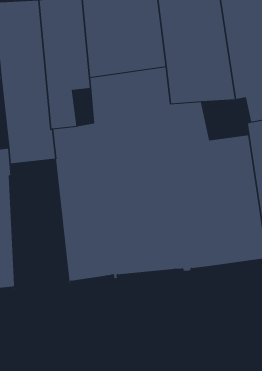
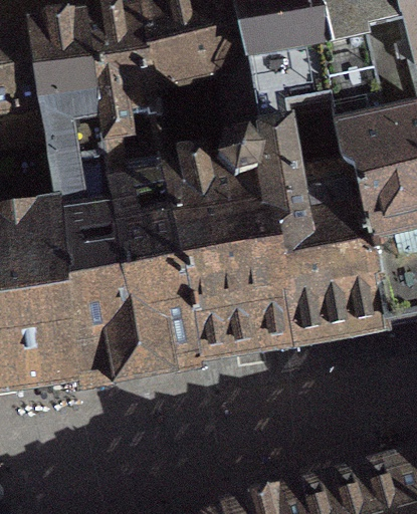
building: none -> [59,217,141,384]

